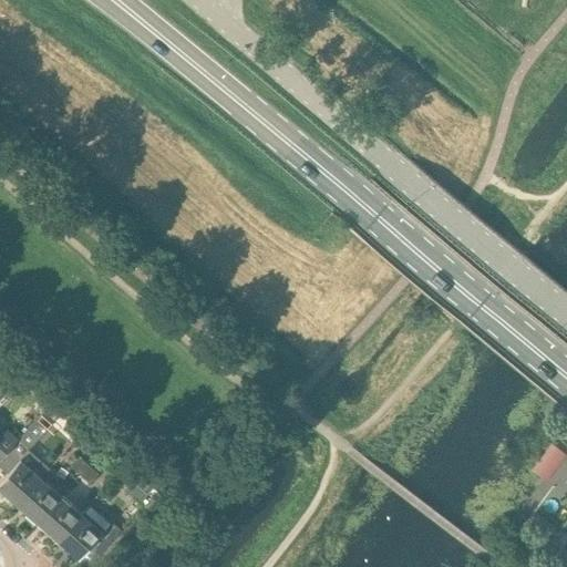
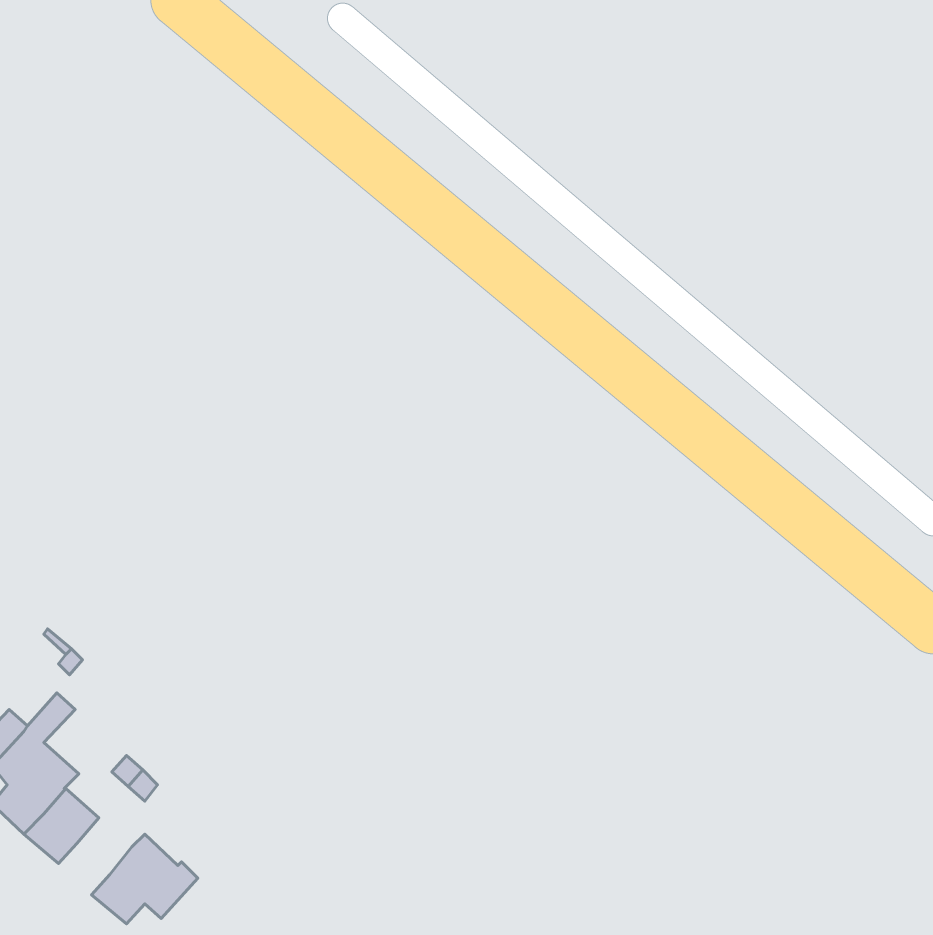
building: [35,495,80,542] -> none

